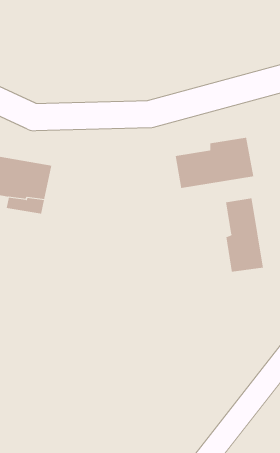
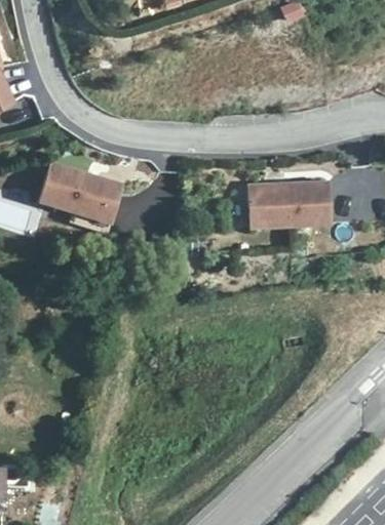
building: [226,198,263,272] -> none

